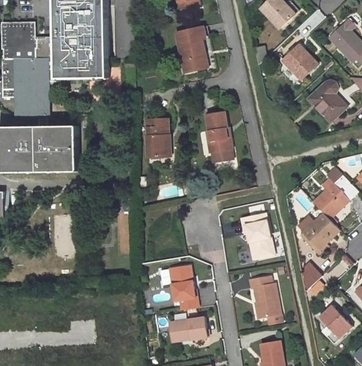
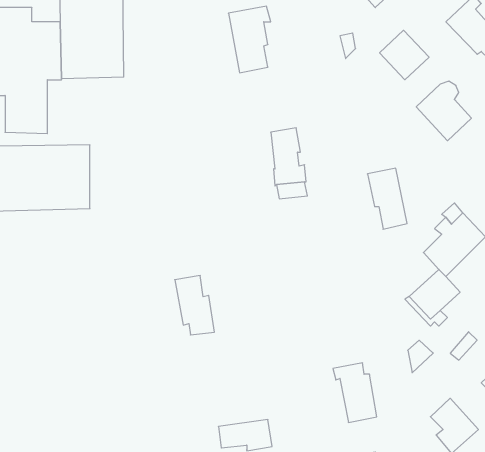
building: [147,119,169,158] -> none
building: [244,215,272,258] -> [367,168,407,229]
building: [168,268,196,310] -> [175,276,214,335]

